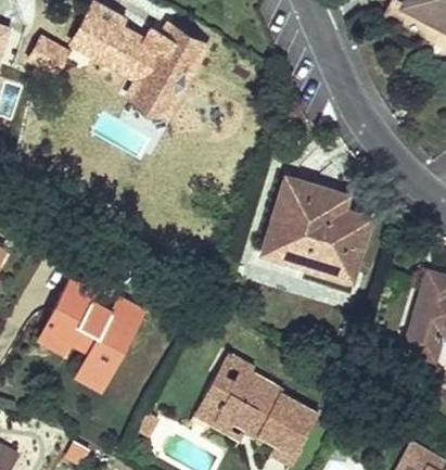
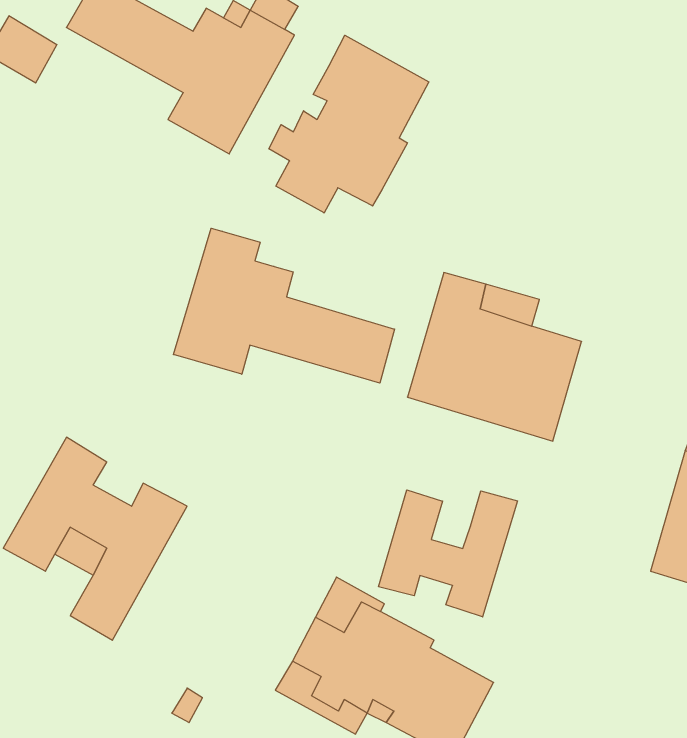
building: none -> [269,35,429,213]
building: none -> [173,228,395,383]
building: none -> [379,490,518,617]

